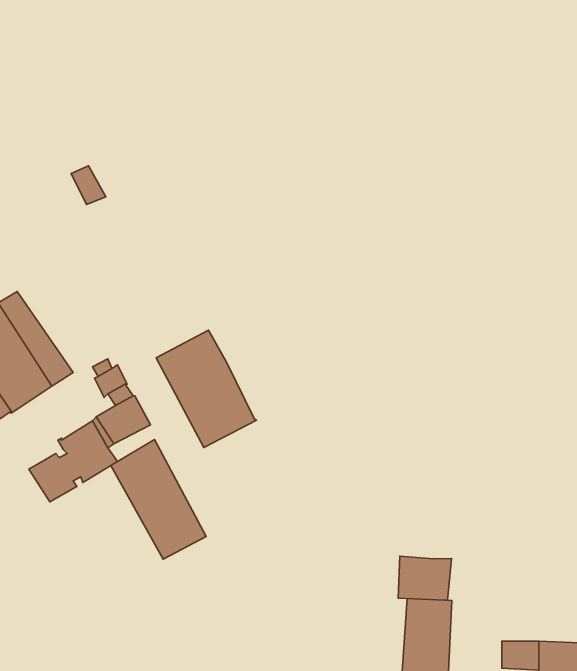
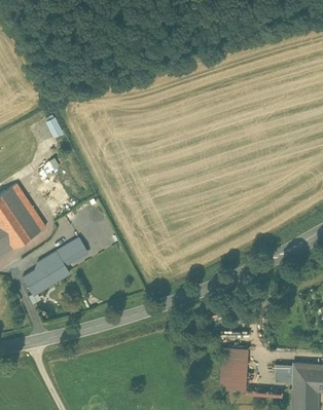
building: [156,330,256,447] -> none
building: [111,440,206,559] -> none
building: [398,556,451,600] -> none

